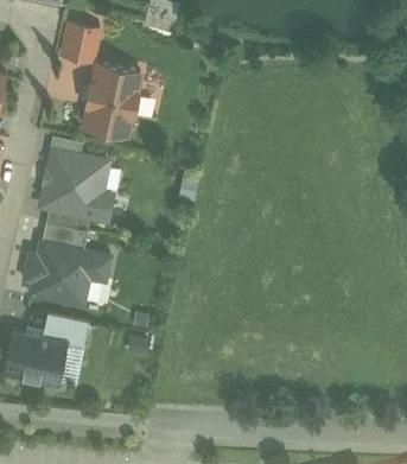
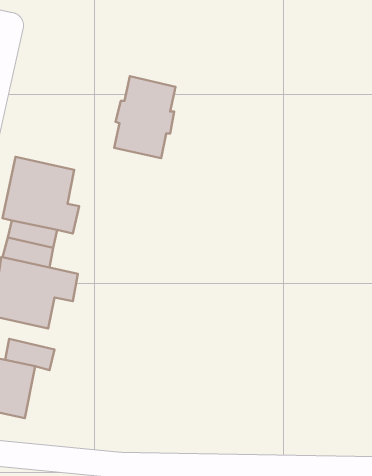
building: [62,23,100,63] -> none
building: [84,63,140,138] -> [114,76,175,158]

